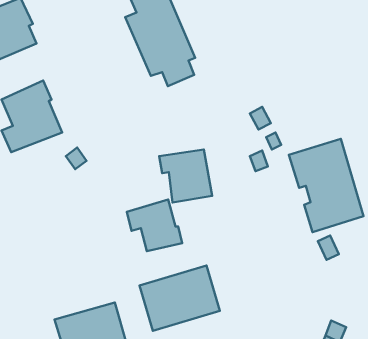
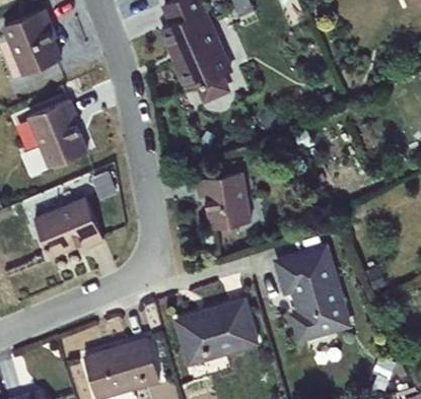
building: [289,139,364,232] -> [271,242,351,342]
building: none -> [32,196,102,258]
building: [127,200,182,251] -> none

